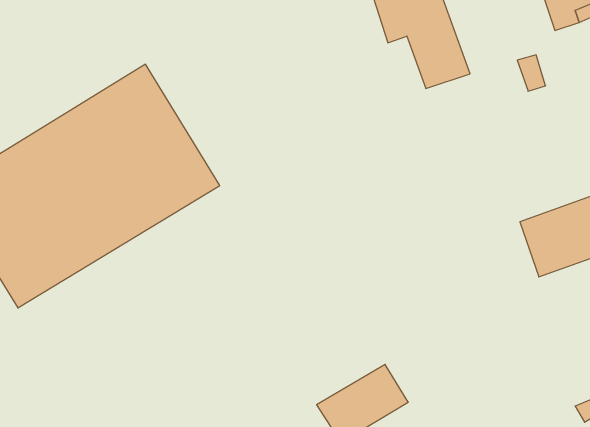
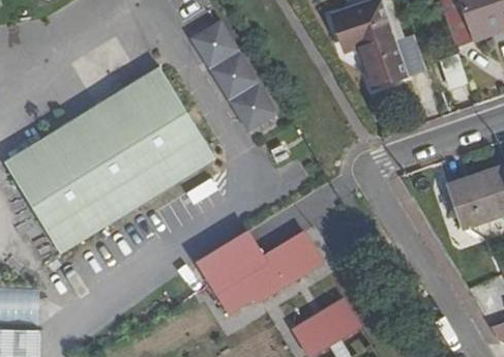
building: none -> [192,21,276,128]
building: none -> [198,232,323,314]

